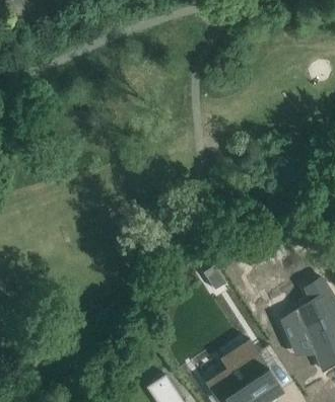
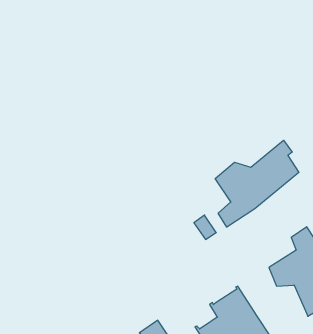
building: none -> [215,140,299,227]

